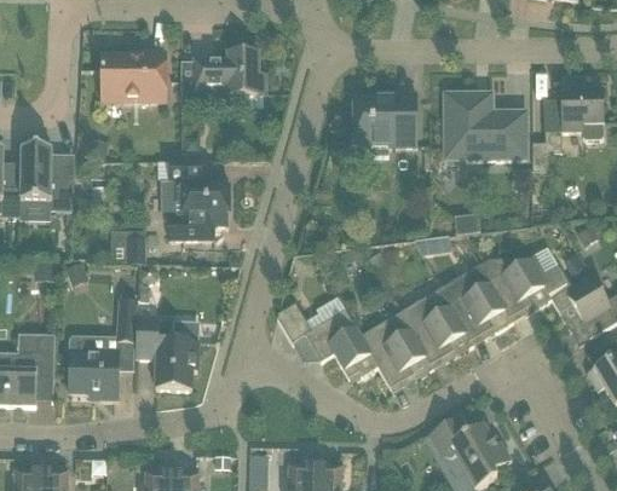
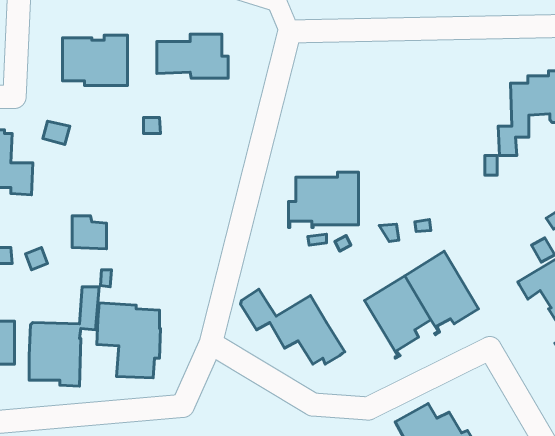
building: [346,93,415,148] -> [289,172,359,227]
building: [443,93,526,164] -> none
building: [160,160,226,239] -> none
building: [477,253,569,322] -> none
building: [361,313,423,387] -> none

